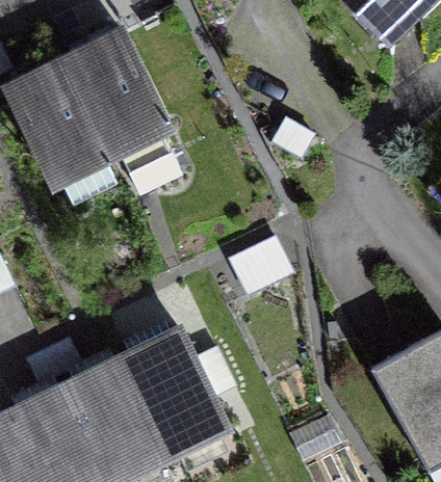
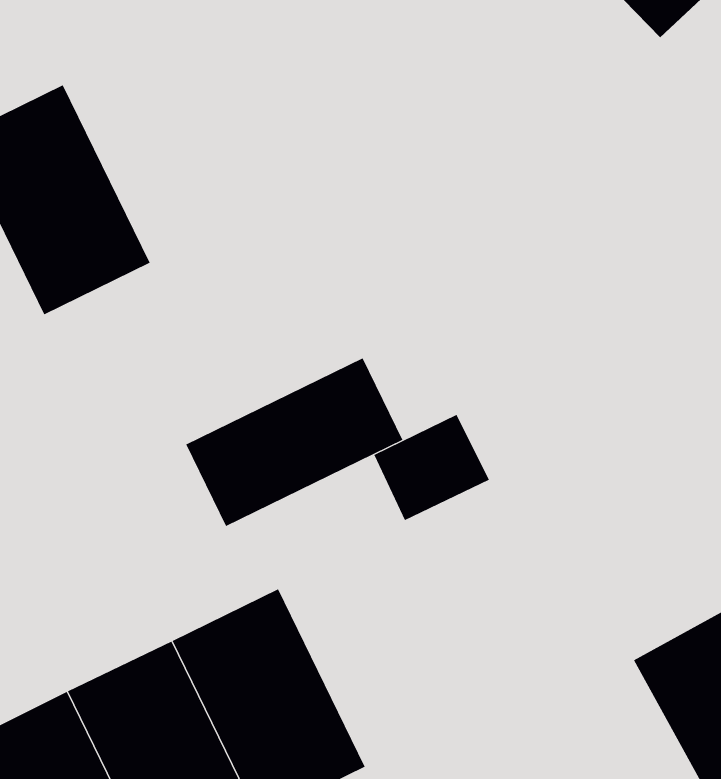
building: [64,32,179,192] -> none
building: none -> [186,357,403,527]

